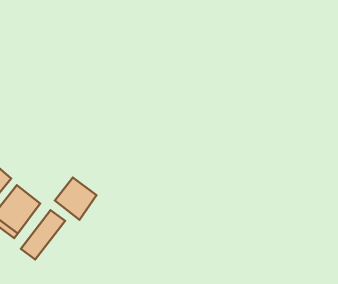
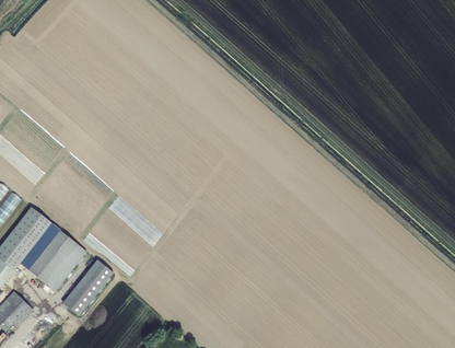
building: [55,178,97,220] -> none

